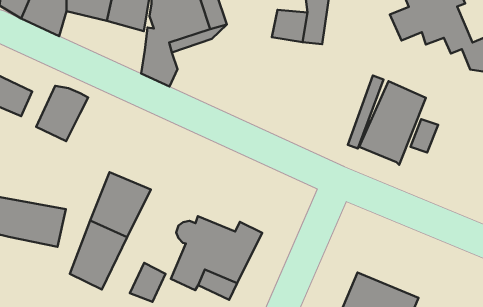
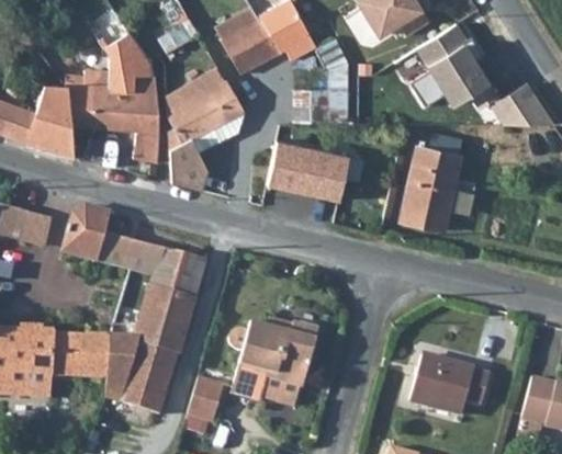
building: none -> [263,141,347,204]
building: none -> [97,232,205,300]
building: none -> [104,336,135,402]

